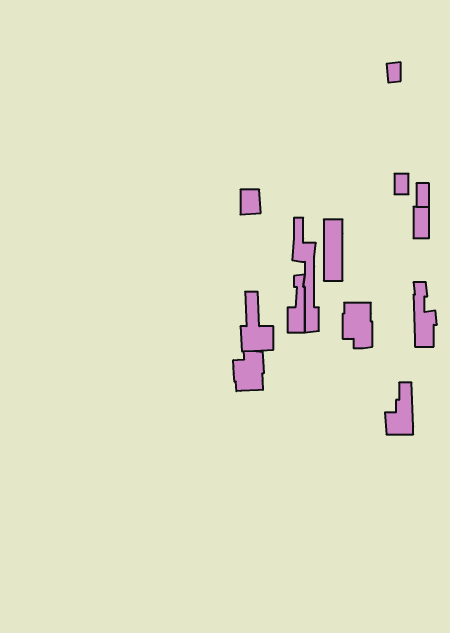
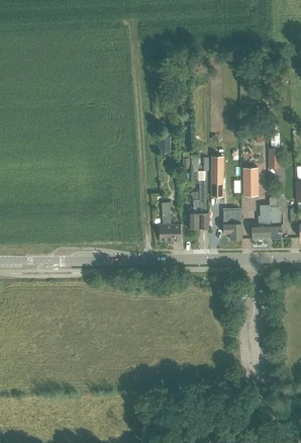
building: none -> [243,167,258,195]
building: [233,351,264,391] -> none
building: [385,383,413,434] -> [252,204,270,238]

